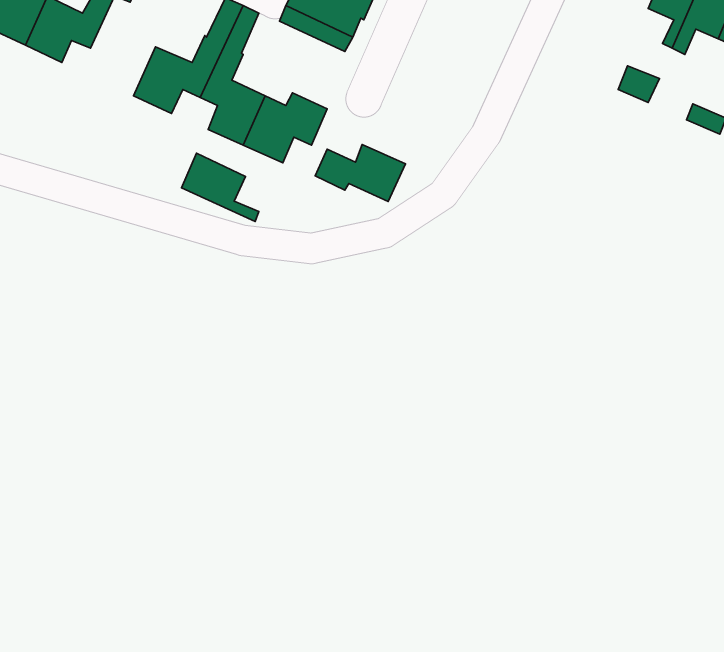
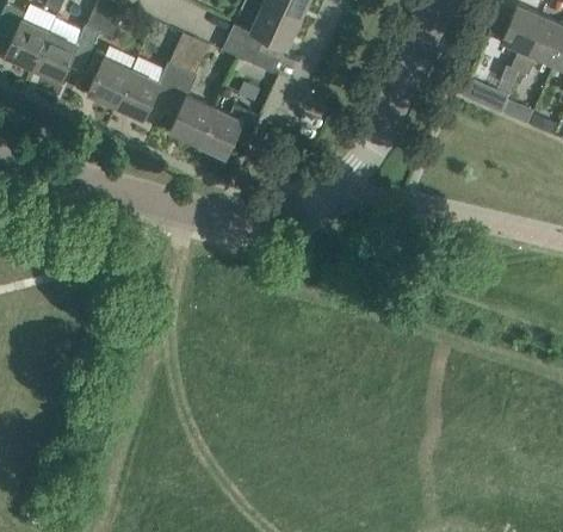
building: none -> [86,47,135,107]
building: [315,145,405,201] -> none
building: [181,153,259,221] -> none

